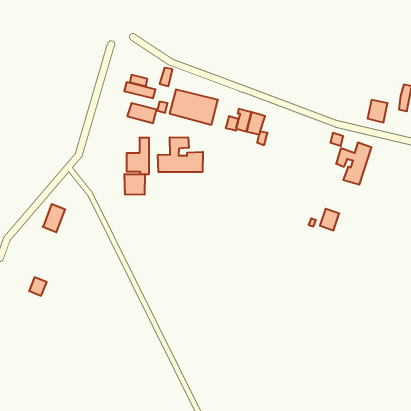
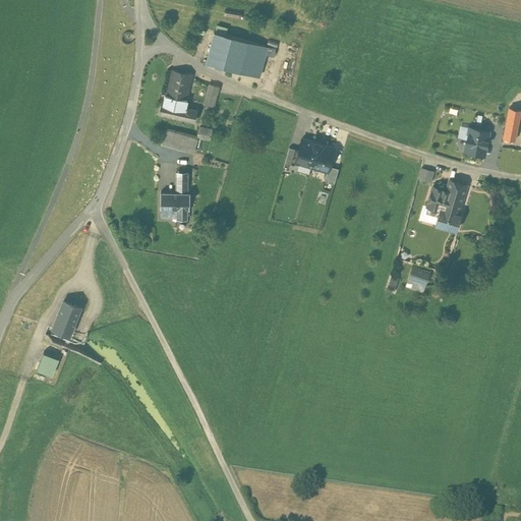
building: none -> [167,73,192,101]
building: [170,89,218,125] -> [207,34,268,78]
building: [158,137,203,172] -> none
building: [124,174,145,195] -> none
building: [43,204,65,232] -> [53,300,81,336]

